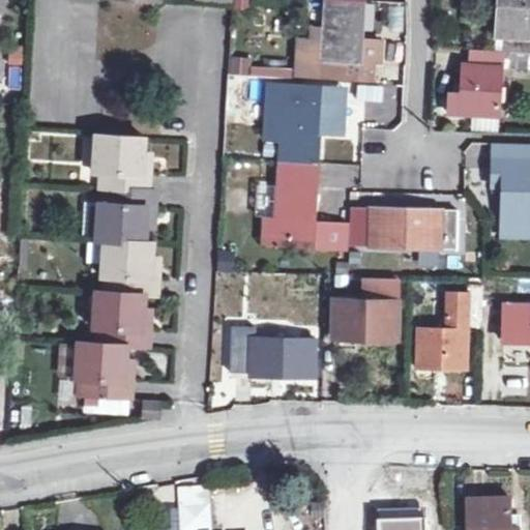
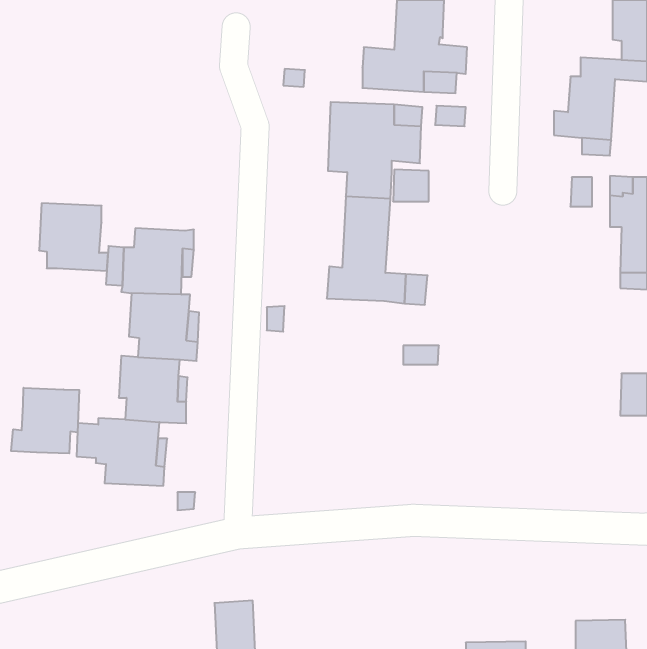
building: [95,135,151,189] -> [39,203,108,271]
building: [367,208,455,249] -> none
building: [334,281,399,341] -> none
building: [414,286,482,371] -> none
building: none -> [11,388,79,453]
building: [231,326,315,377] -> none

